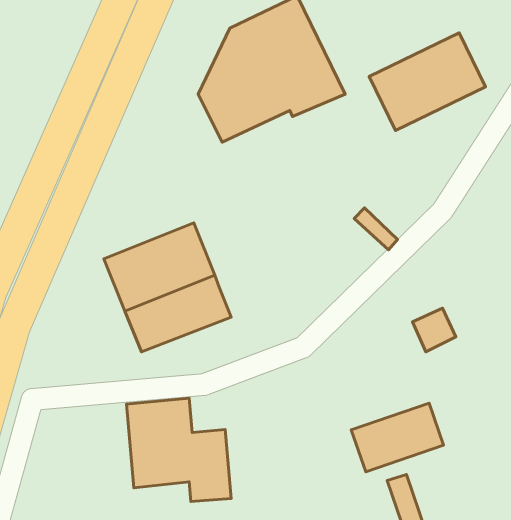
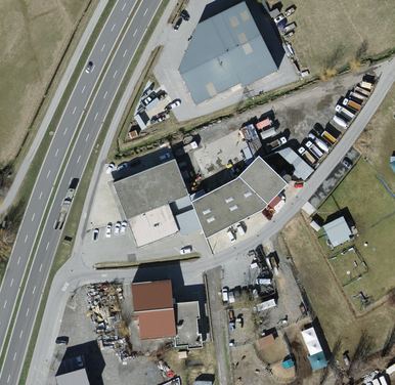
building: [369,33,485,130] -> none
building: none -> [192,155,288,237]
building: [351,403,444,472] -> none

